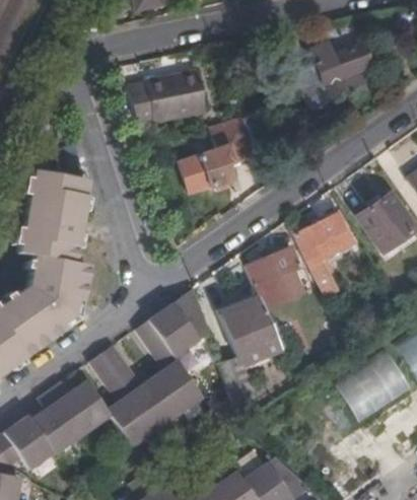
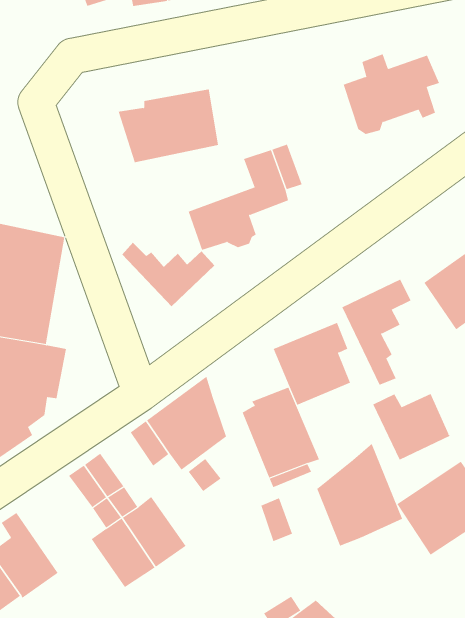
building: none -> [121,242,215,307]
building: none -> [372,393,451,461]
building: none -> [316,443,403,546]
building: [152,361,202,415] -> none
building: [51,381,111,435] -> none

